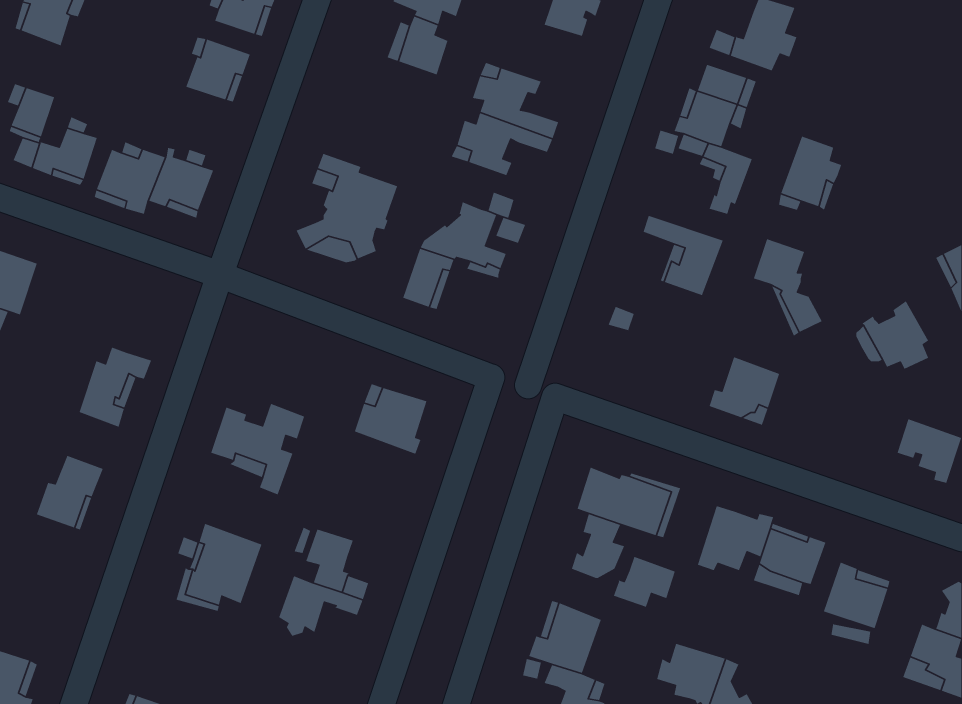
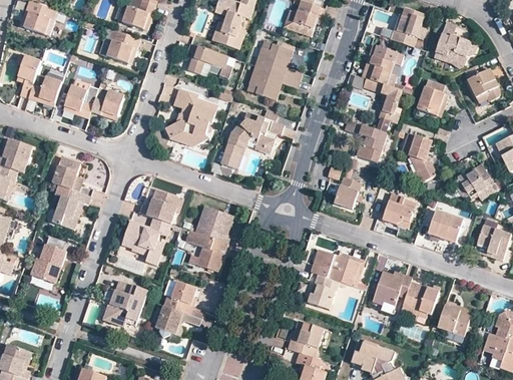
building: none -> [433,21,476,62]
building: none -> [187,43,228,73]
building: none -> [468,68,502,101]
building: none -> [52,157,81,192]
building: none -> [335,178,361,212]
building: none -> [139,189,179,225]
building: none -> [427,210,462,239]
building: none -> [186,231,227,273]
building: [613,556,676,608] -> none

